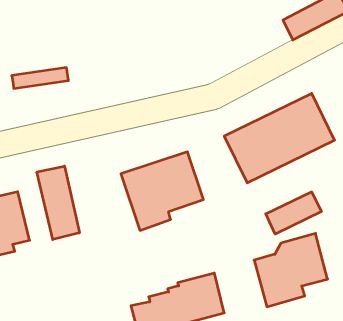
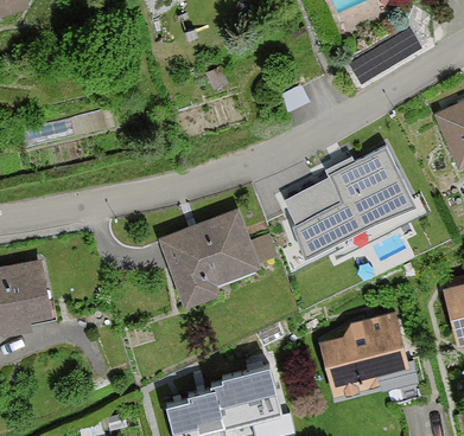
building: [37,166,79,240] -> none
building: [266,192,321,234] -> none

